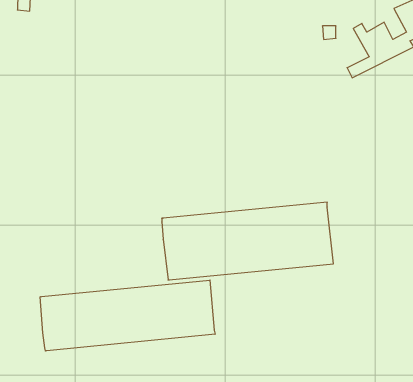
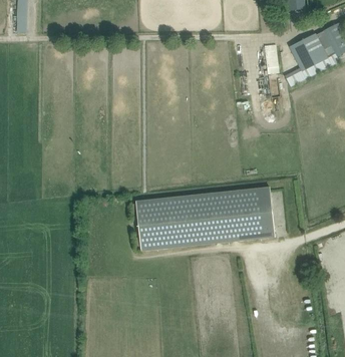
building: [40,280,215,351] -> none

